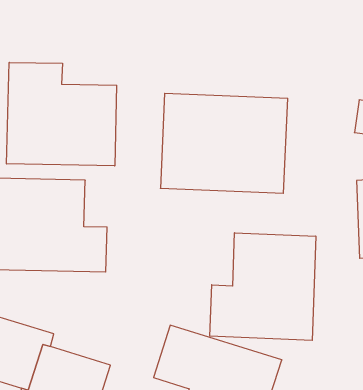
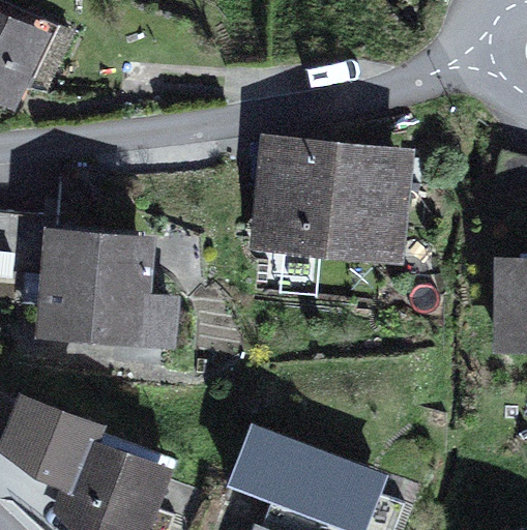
building: [7,62,117,166] -> none
building: [210,233,316,340] -> none

